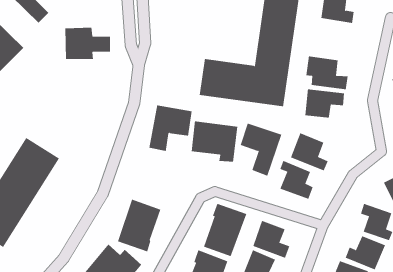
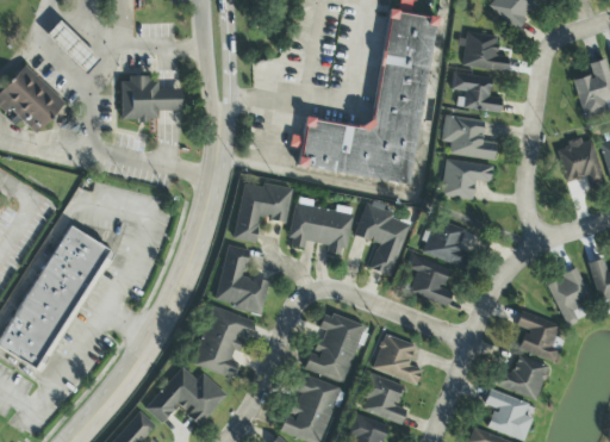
building: none -> [450,70,500,113]
building: none -> [213,244,268,313]

